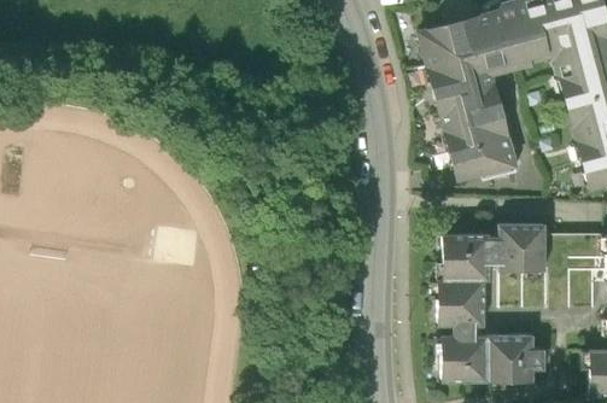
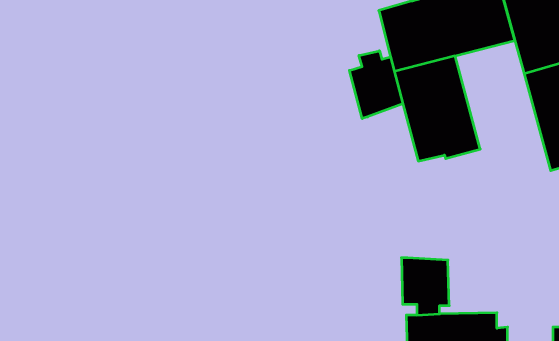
building: none -> [349,51,403,119]
building: [445,222,549,281] -> none

